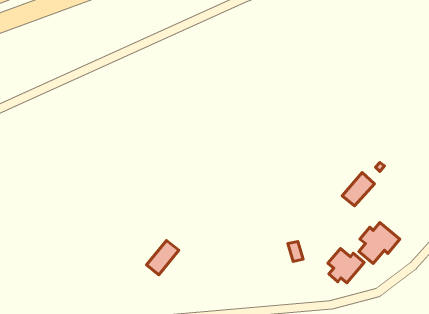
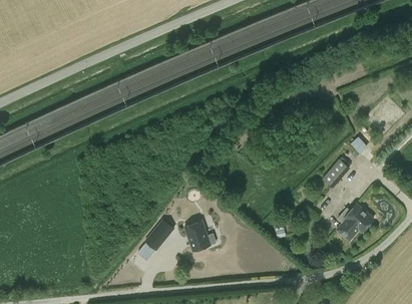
building: none -> [184,220,211,250]
building: [328,248,364,283] -> none

